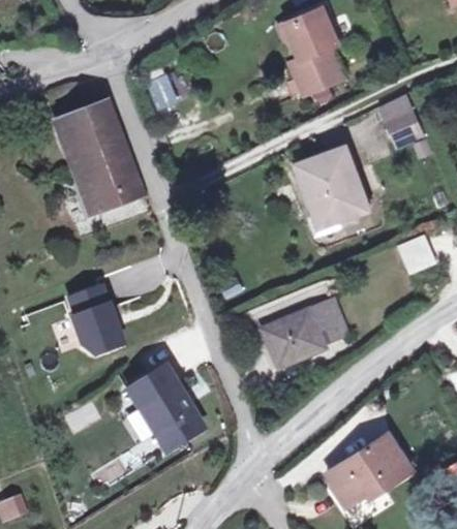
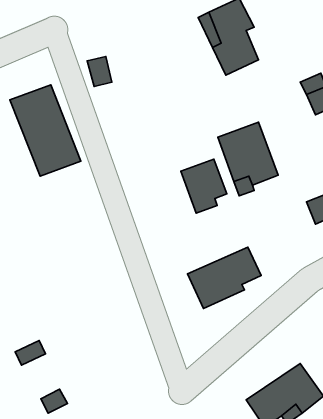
building: none -> [181,159,227,213]
building: [67,293,120,361] -> none
building: [124,365,200,449] -> none

